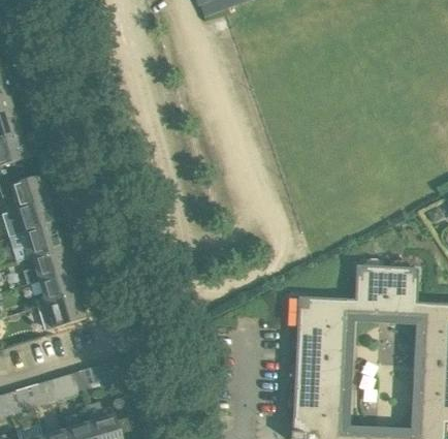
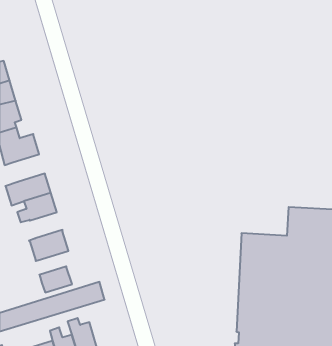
building: [15,201,56,236] -> none
building: [37,273,77,305] -> [39,266,72,292]

